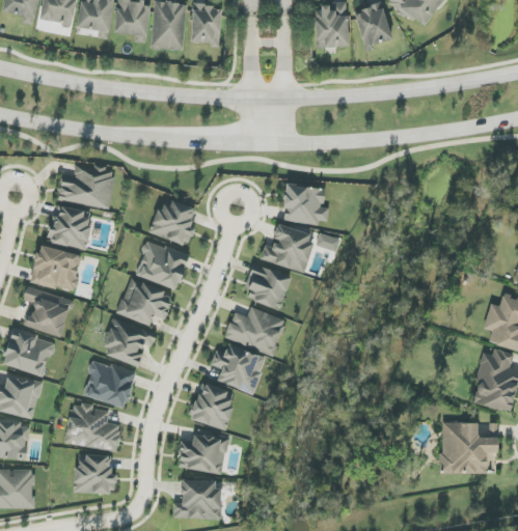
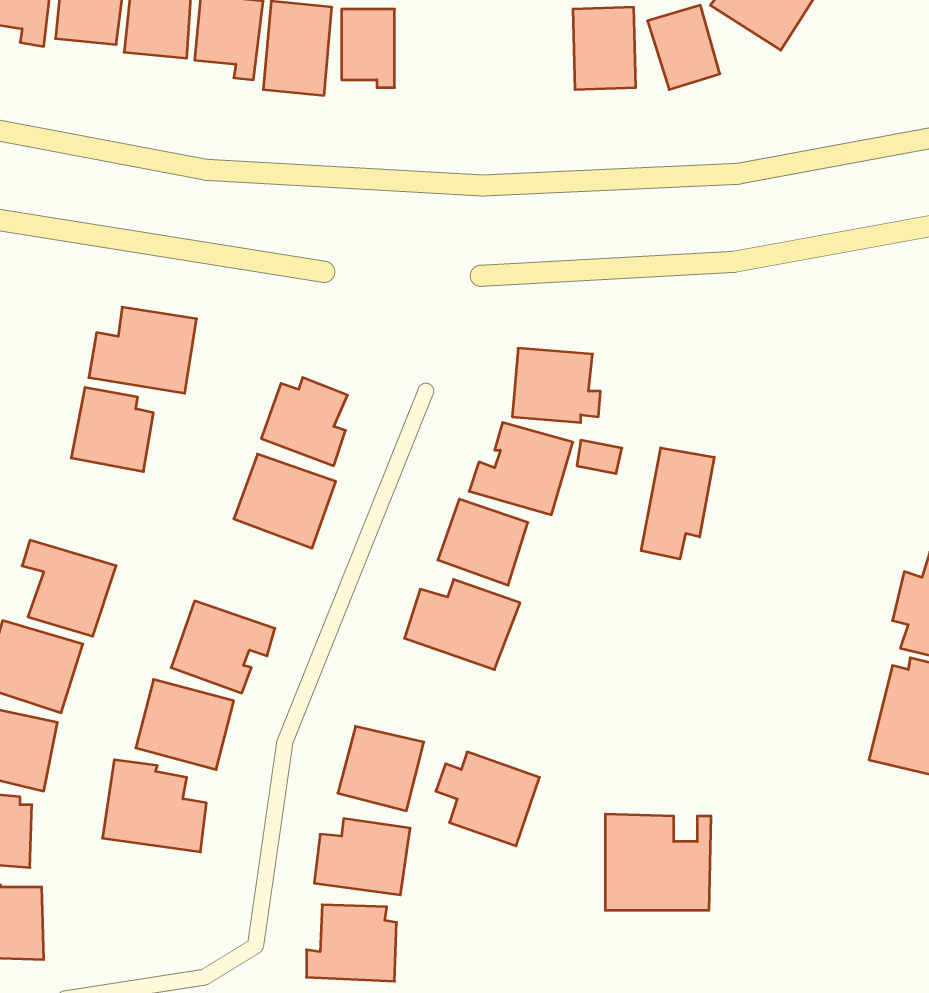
building: none -> [641,448,714,559]
building: [30,245,83,291] -> none
building: [118,279,173,325] -> none
building: [211,344,266,394] -> [436,752,540,846]
building: [441,422,497,473] -> [605,814,711,910]
building: [74,454,116,494] -> none

